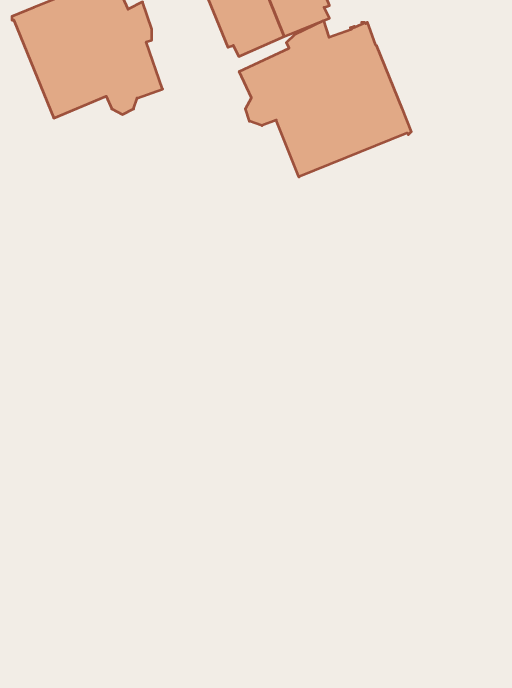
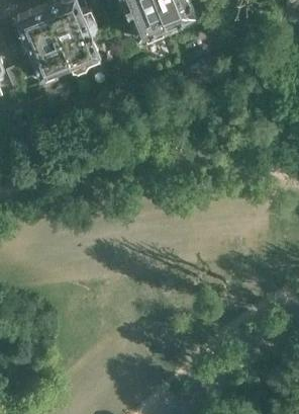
building: [239,21,411,177] -> none

